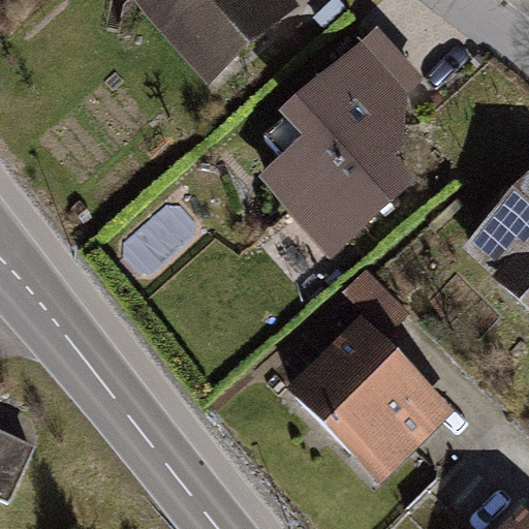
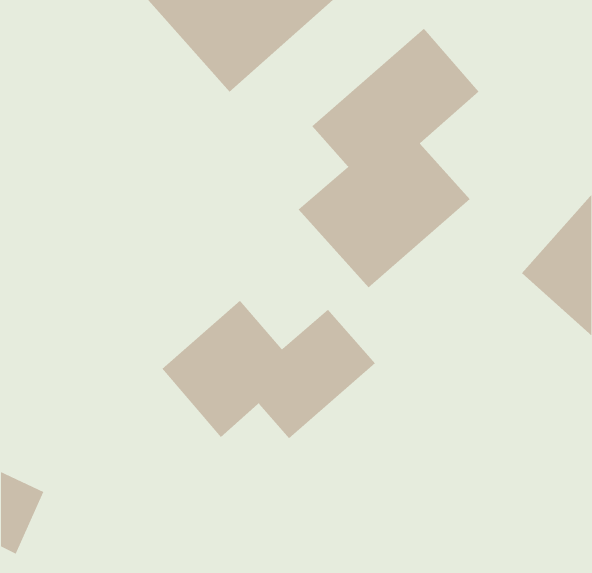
building: none -> [161,300,376,439]
building: [284,312,459,485] -> none

